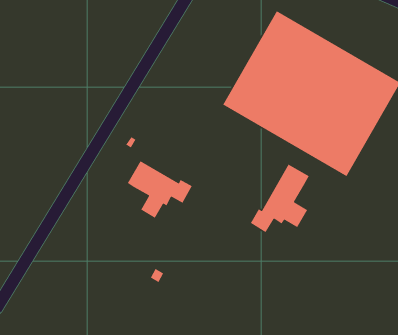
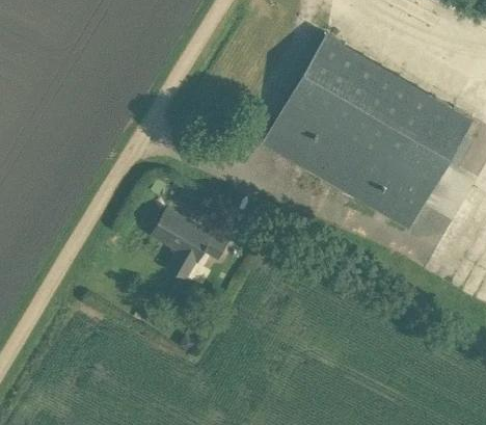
building: [250,164,310,233] -> none

